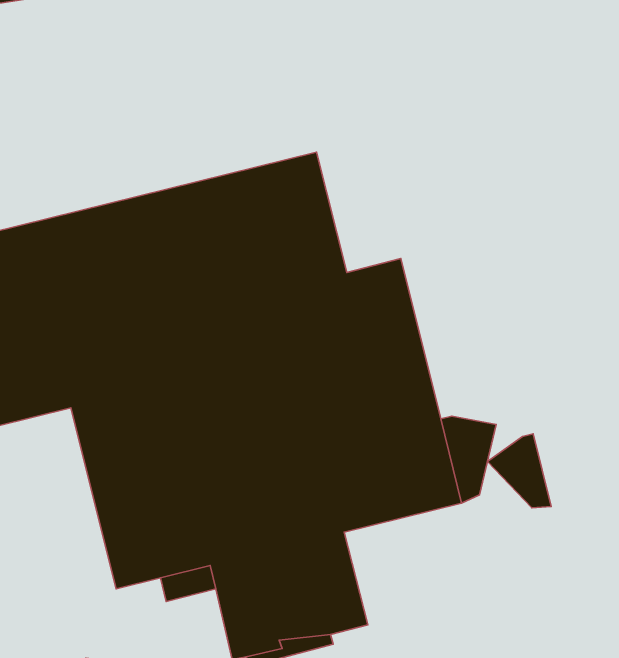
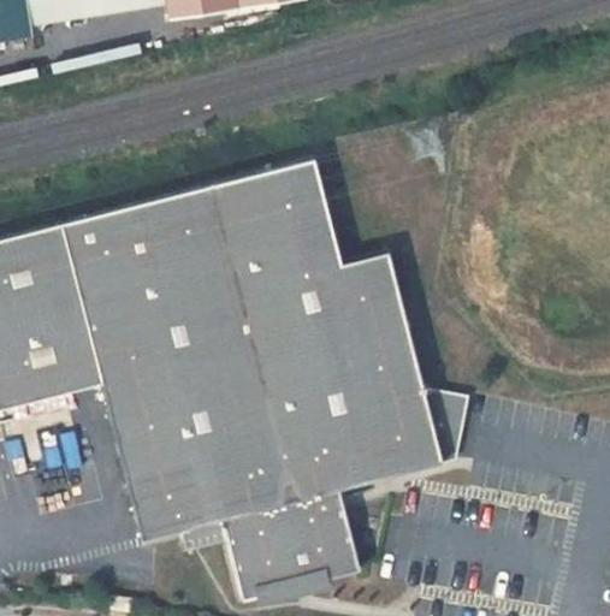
building: [487,434,551,508] -> none

